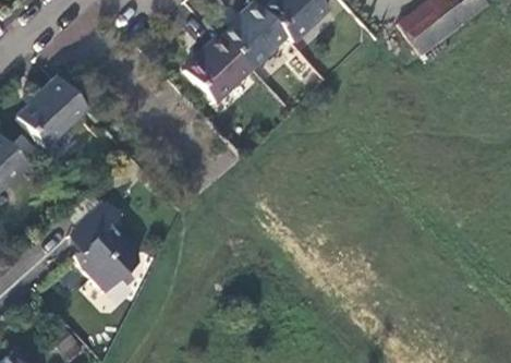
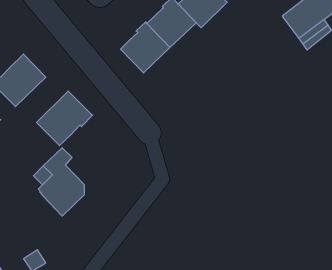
building: none -> [37,91,93,146]

